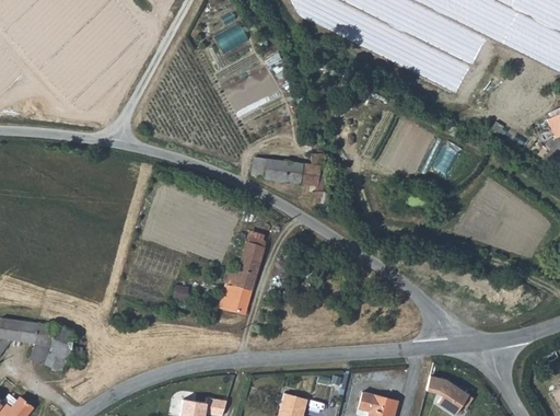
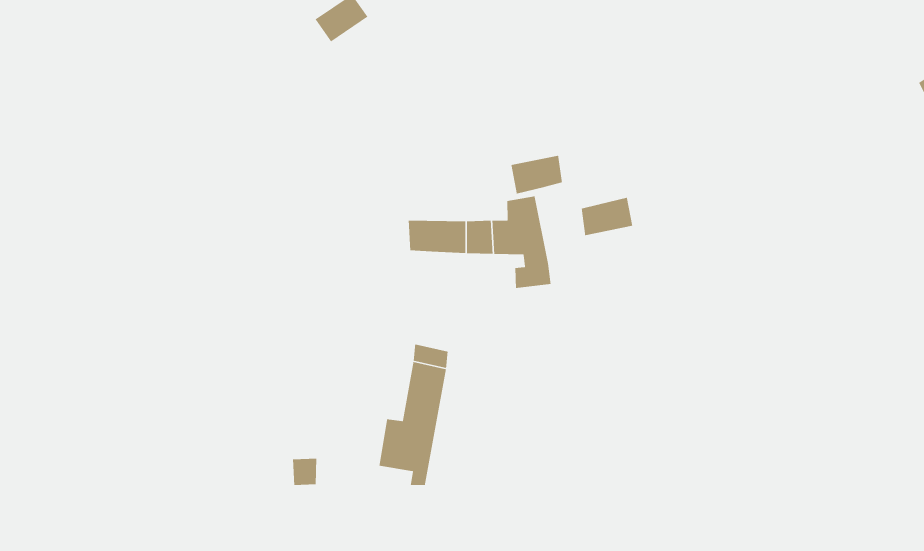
building: none -> [511,155,563,194]
building: none -> [581,197,633,236]

